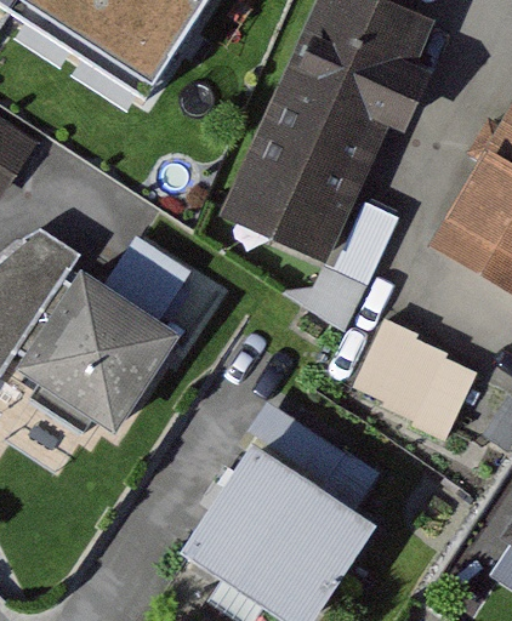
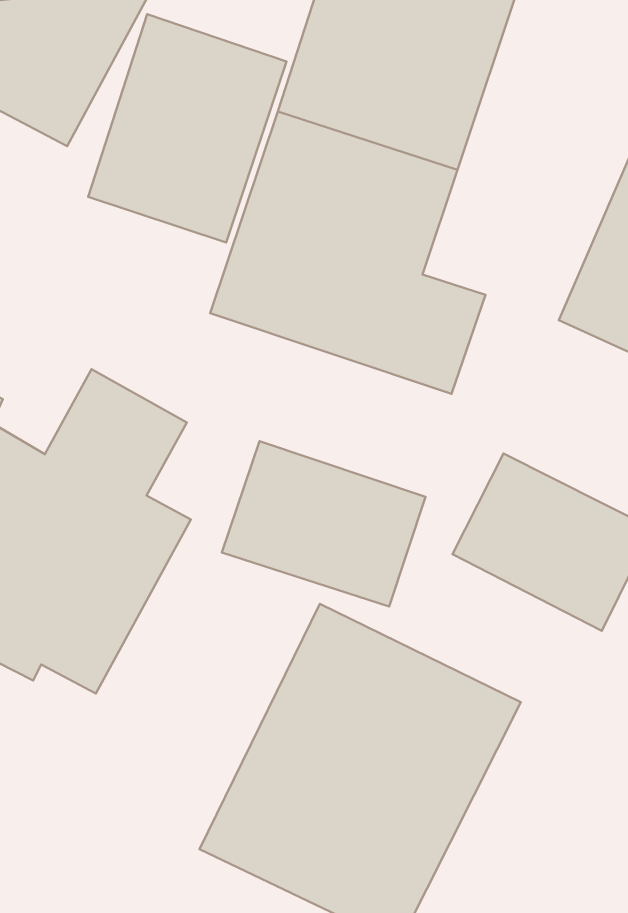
building: none -> [88,14,287,243]
building: none -> [222,441,426,607]

